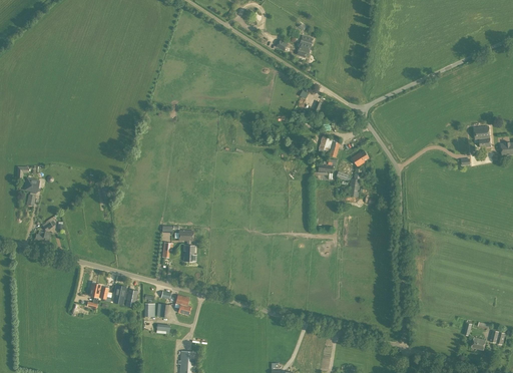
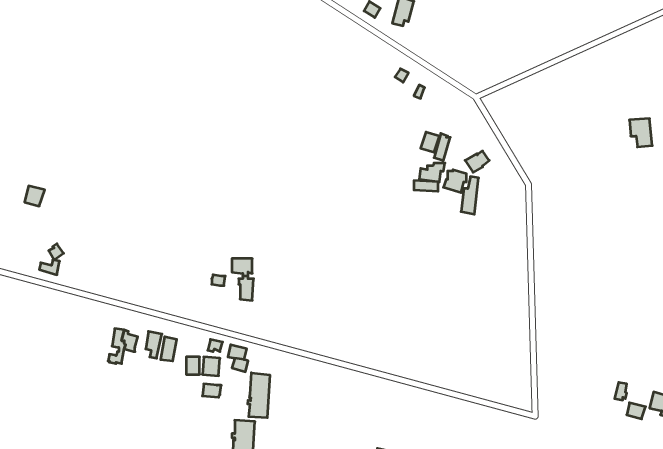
building: none -> [248,373,270,418]

